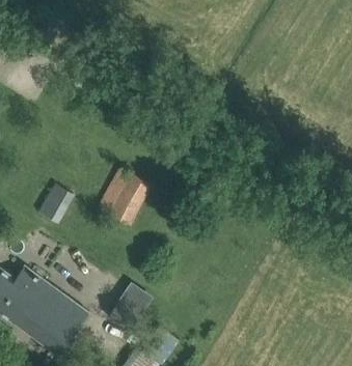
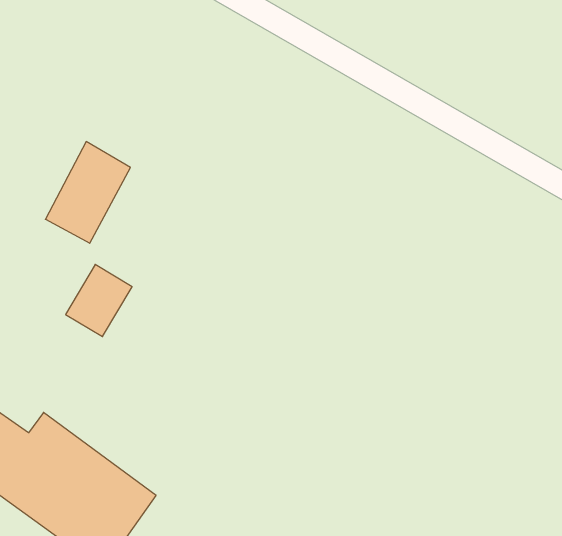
building: [105,171,153,228] -> [45,142,130,243]
building: [108,286,151,331] -> none

